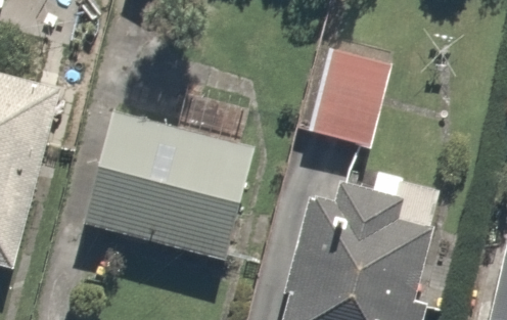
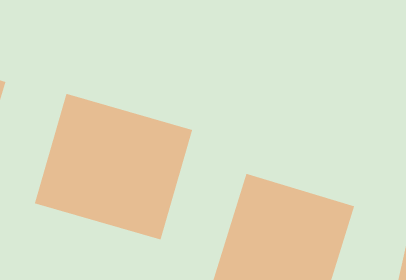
building: [305,39,394,150] -> none

